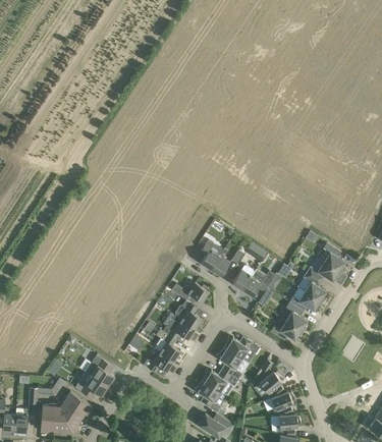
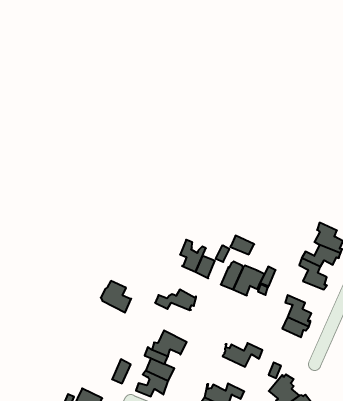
building: [288,287,321,311] -> none
building: [174,299,201,329] -> [101,281,131,313]
building: [215,346,241,380] -> none

